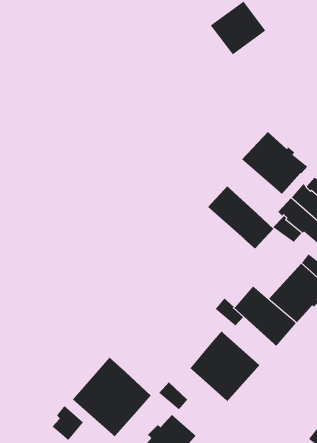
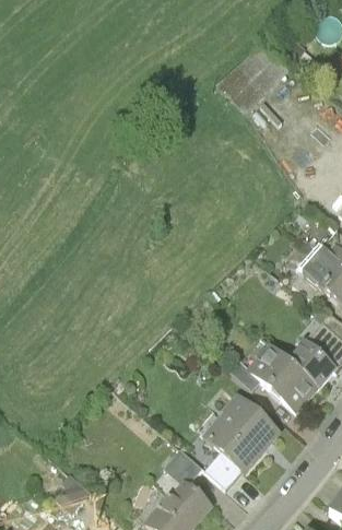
building: [241,131,308,195] -> none
building: [207,185,274,250] -> none
building: [72,357,152,437] -> none
building: none -> [204,449,243,487]

